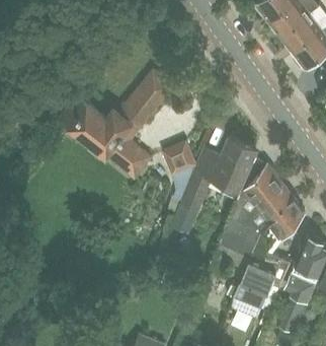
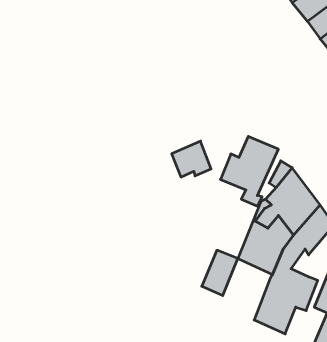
building: [60,71,171,179] -> none
building: [179,174,211,213] -> [202,250,238,296]

